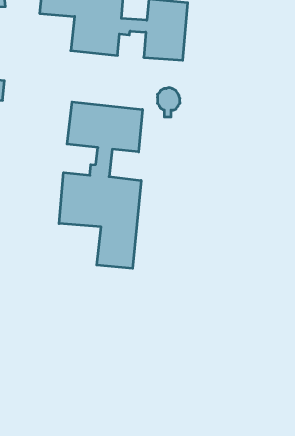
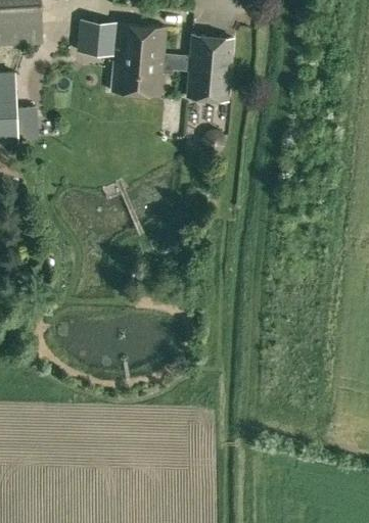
building: [59,102,142,268] -> none

